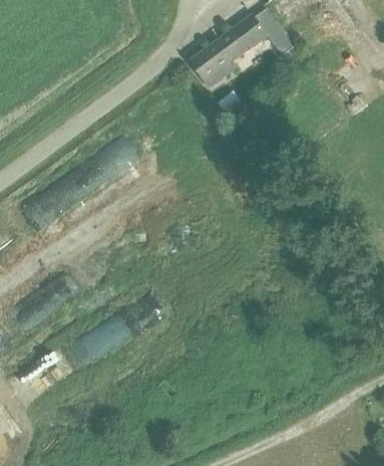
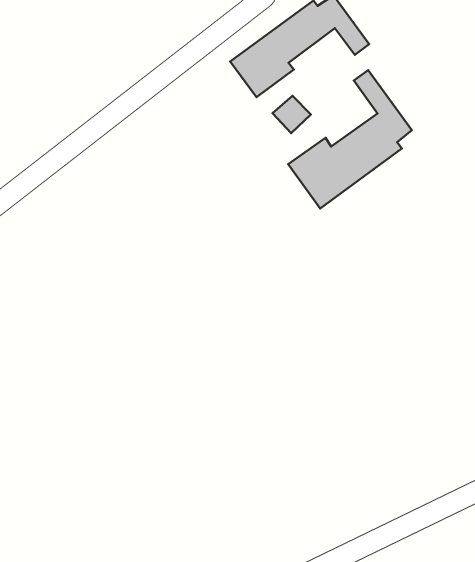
building: none -> [288,70,412,208]

